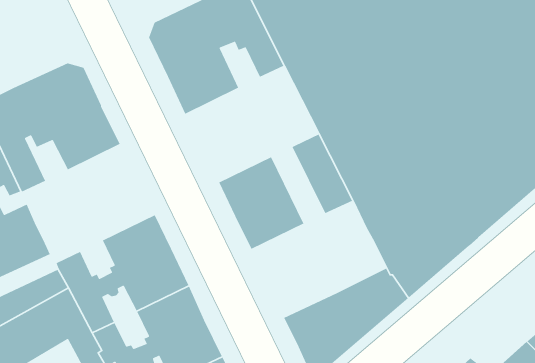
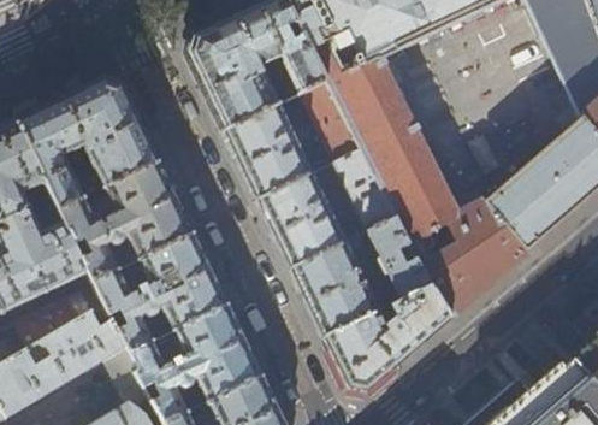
building: none -> [301,82,361,163]
building: none -> [225,105,313,200]
building: none -> [59,161,195,282]
building: none -> [367,219,430,301]
building: none -> [292,235,379,337]

